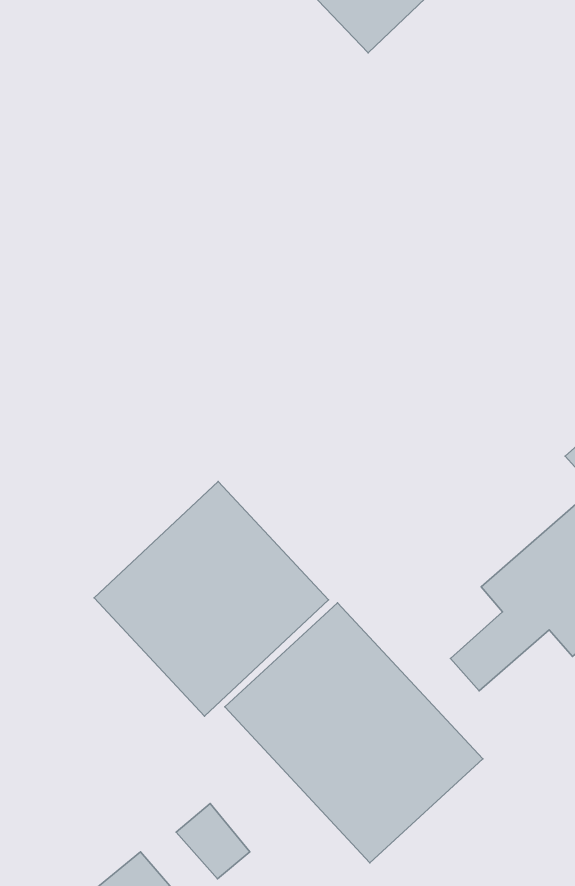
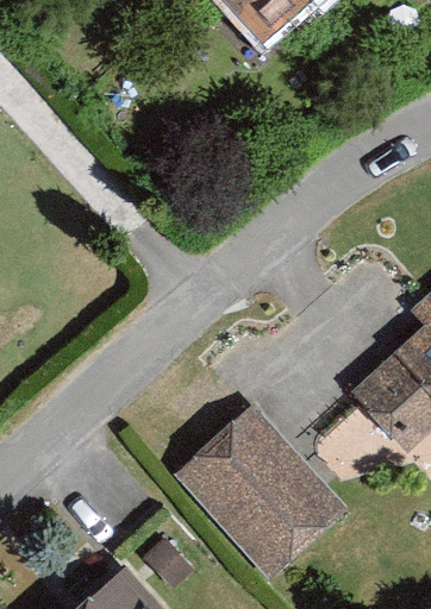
building: [94,481,329,716] -> none

